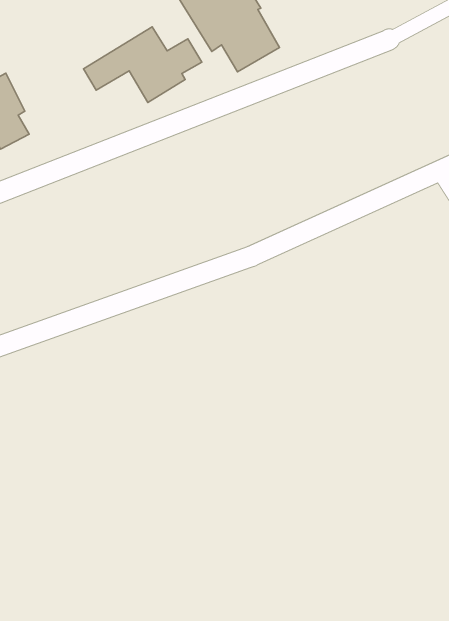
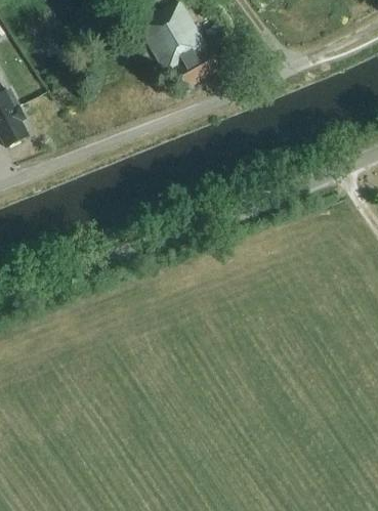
building: [84,27,202,103] -> none

